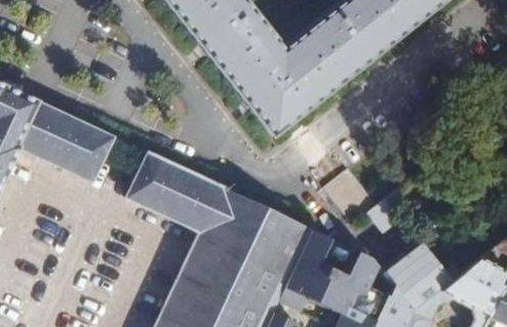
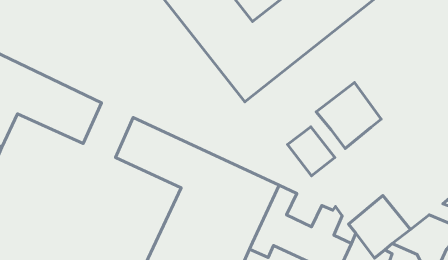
building: none -> [316,83,381,149]

